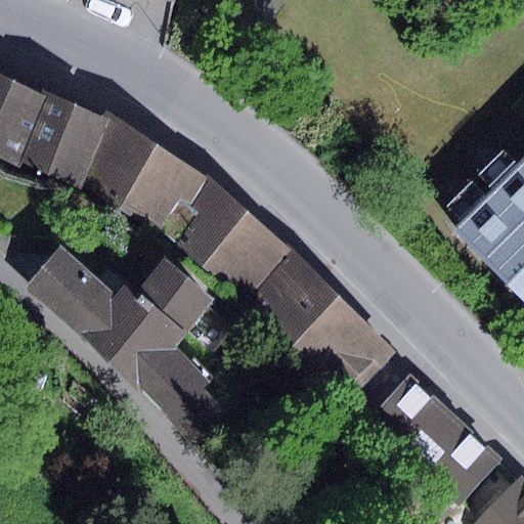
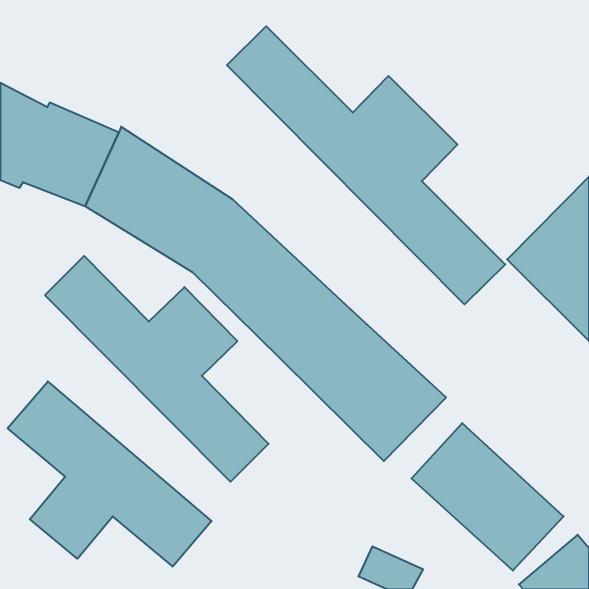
building: none -> [227,26,505,304]
building: none -> [8,381,212,567]

